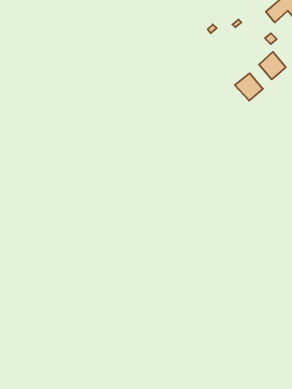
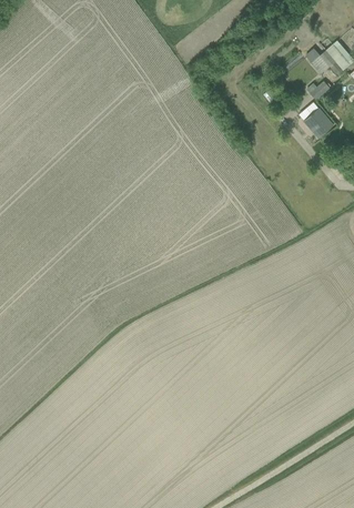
building: [235,73,263,101] -> none

